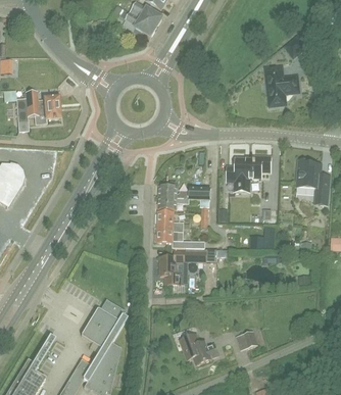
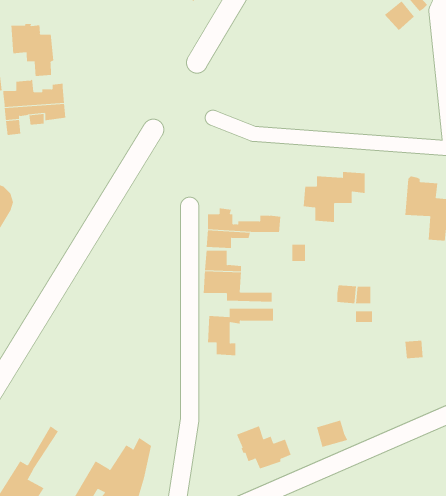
building: none -> [11,23,54,77]
building: [265,64,298,103] -> none
building: [81,298,127,349] -> none

